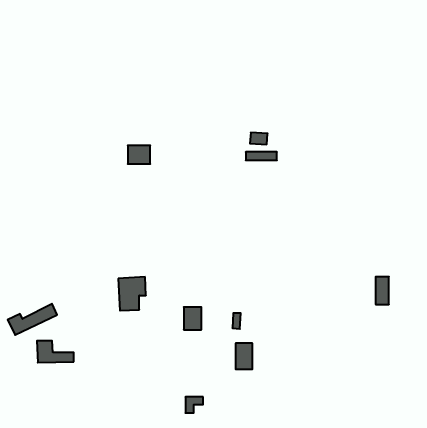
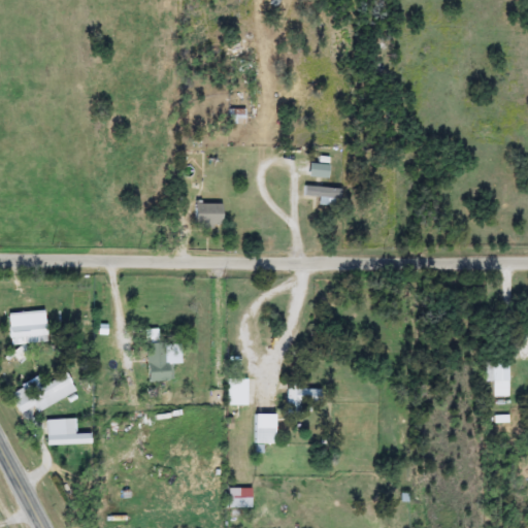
building: [128,145,150,164] -> [196,203,224,226]
building: none -> [9,311,48,343]
building: [376,277,389,304] -> [493,362,509,396]
building: [236,343,252,369] -> [257,412,277,444]

